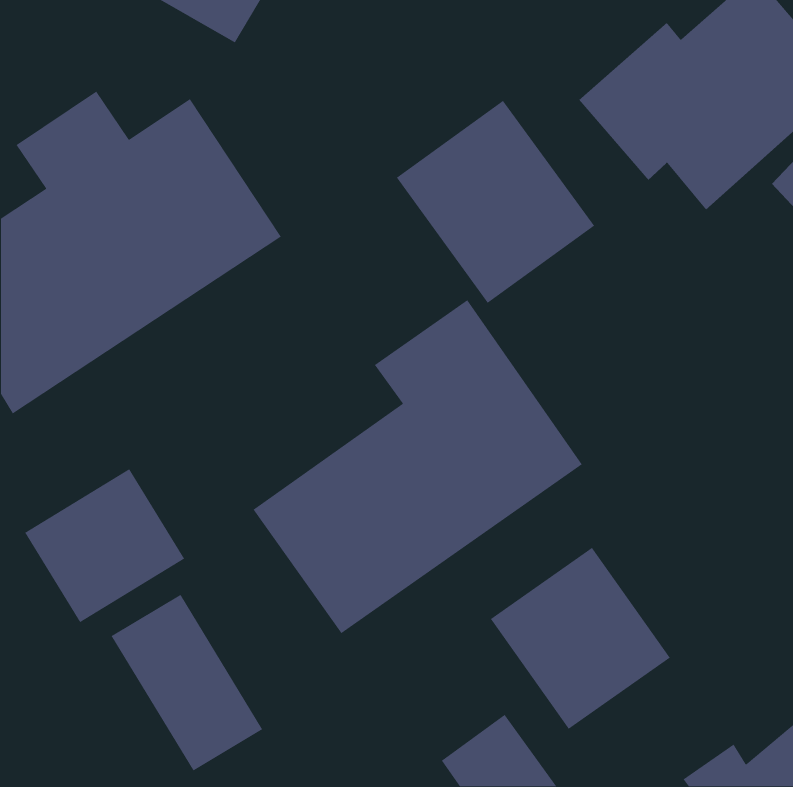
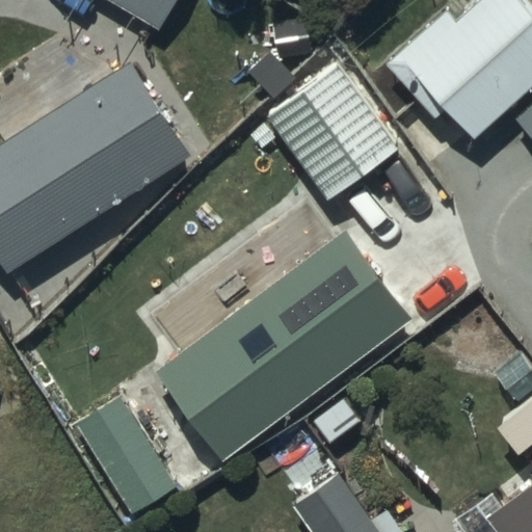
building: [24,468,185,623] -> none
building: [490,547,671,730] -> none

